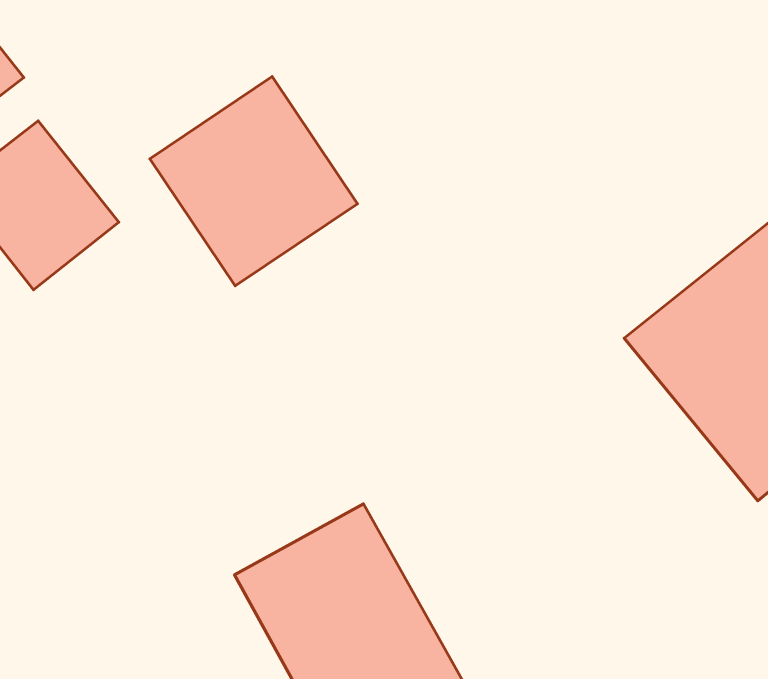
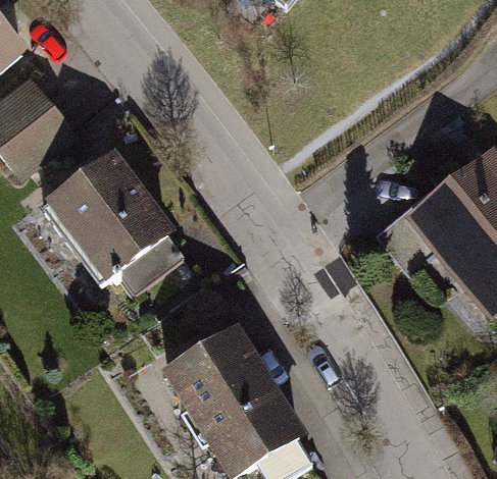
building: [150,77,358,286] -> [40,151,171,283]

